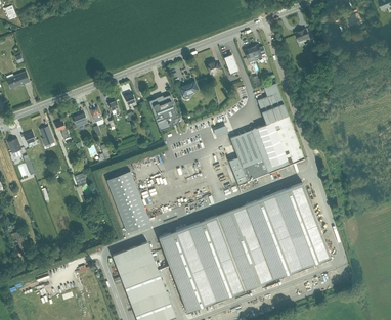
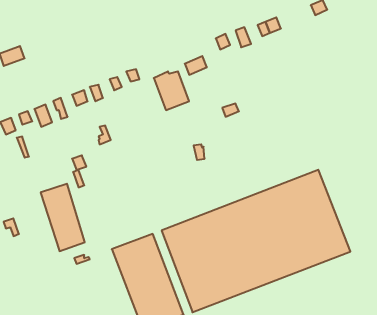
building: [229,102,305,182] -> none
building: [106,168,147,230] -> [41,184,85,251]

